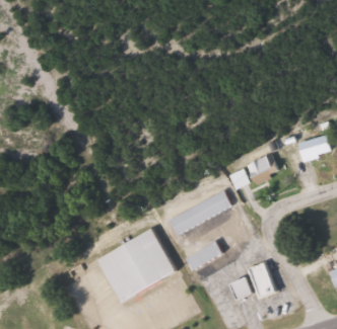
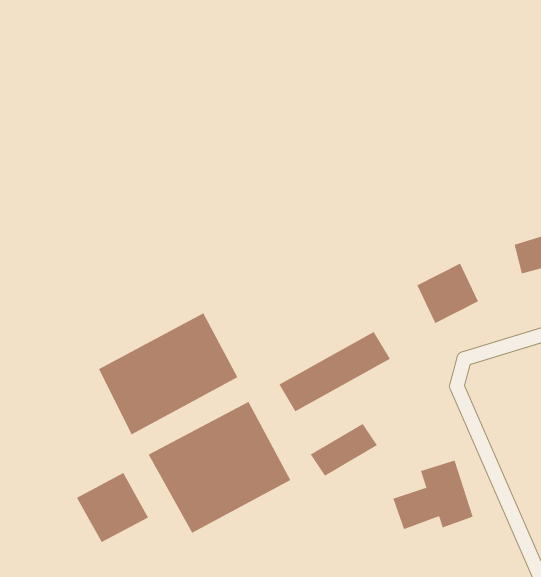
building: none -> [98,313,238,435]
building: none -> [76,472,149,543]

